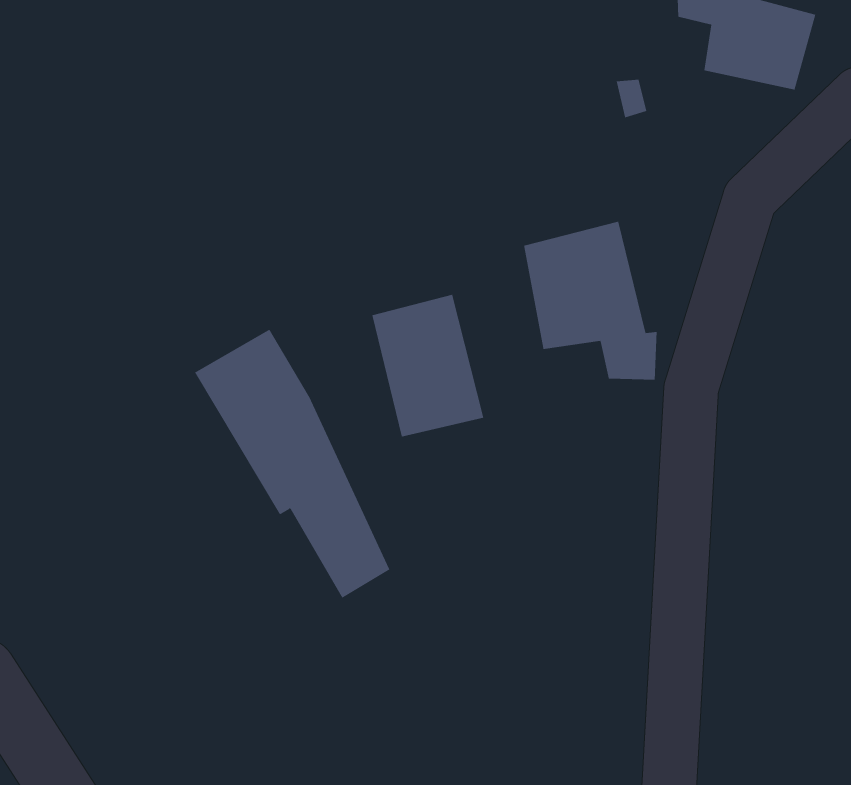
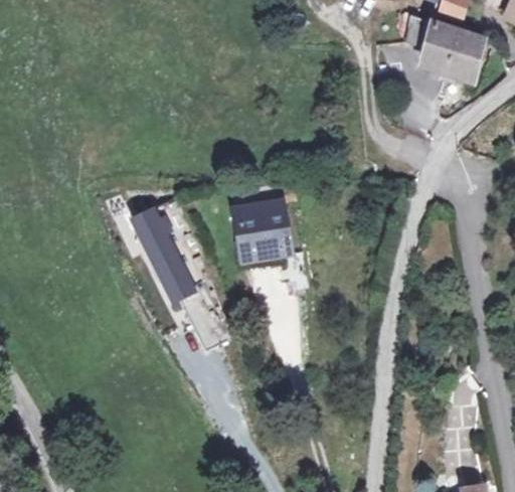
building: [524,221,657,381] -> none

